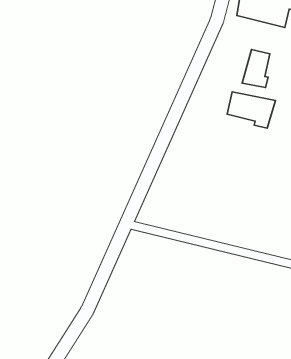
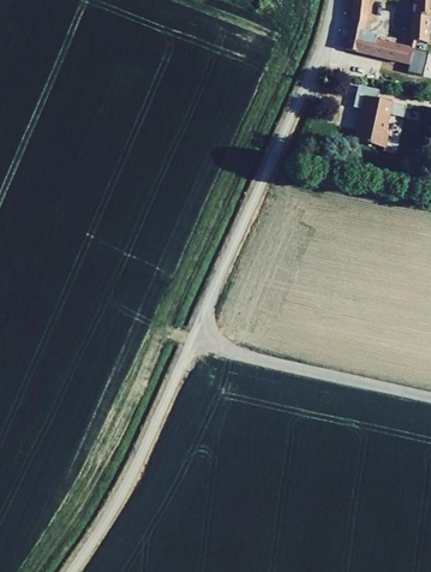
building: [227,92,275,128] -> none

